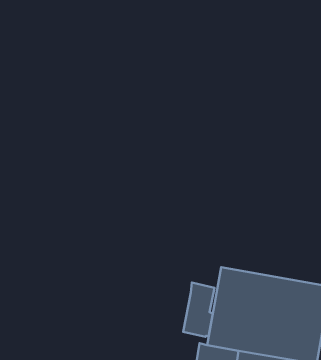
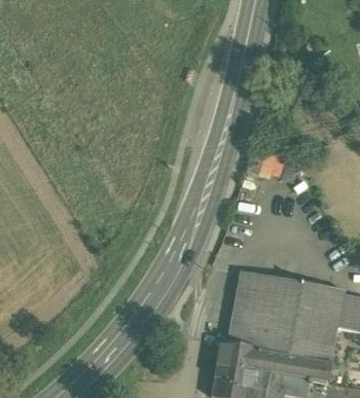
building: [183,283,215,337] -> none

